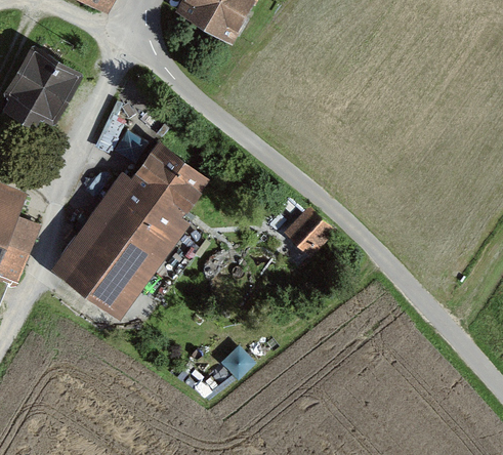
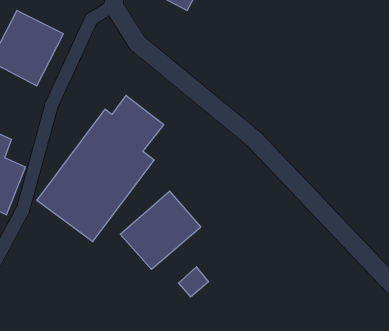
building: [283,212,330,259] -> none
building: none -> [120,191,201,269]

